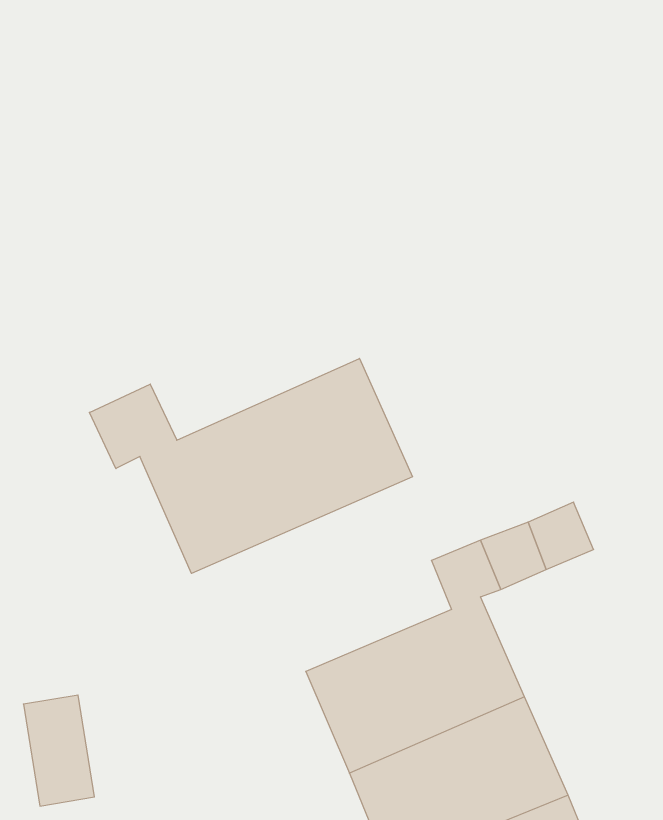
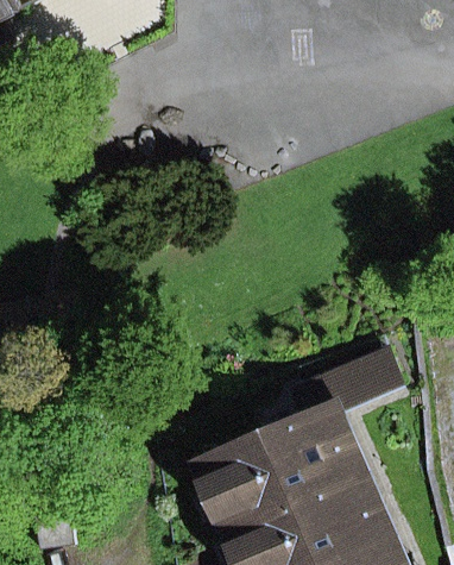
building: [89,358,412,573] -> none

